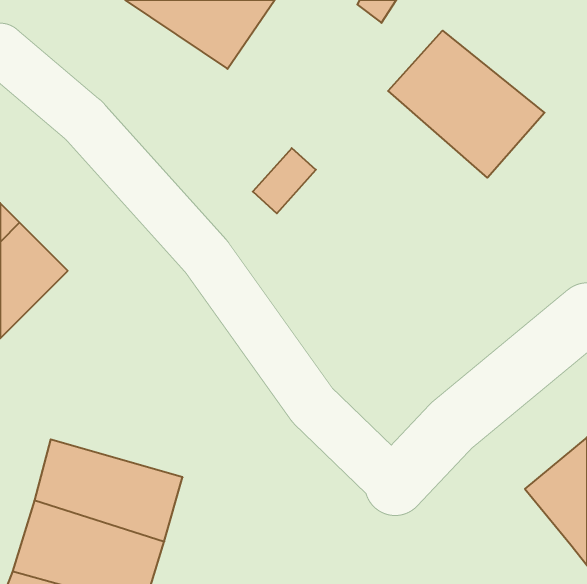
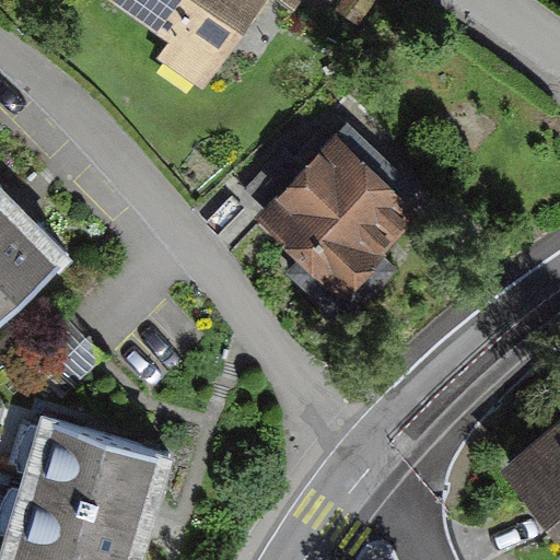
building: [388,31,545,178] -> none
building: none -> [267,122,406,300]

